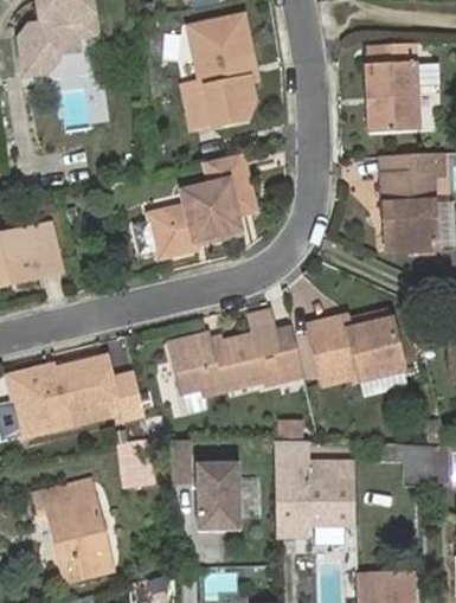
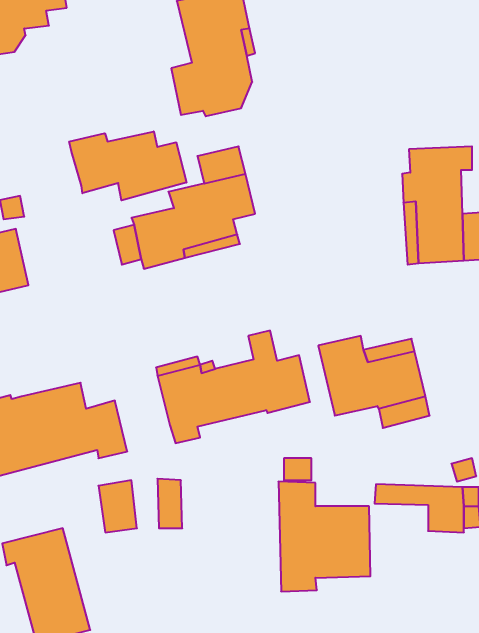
building: [365,41,418,131] -> none
building: none -> [69,131,186,200]
building: [197,463,242,532] -> none

